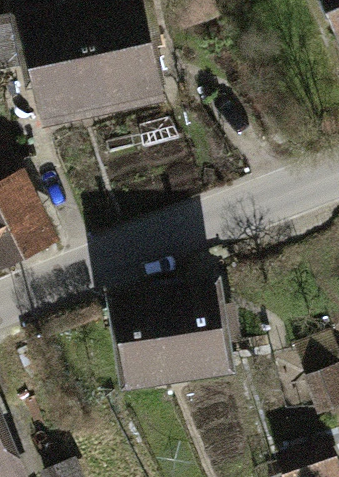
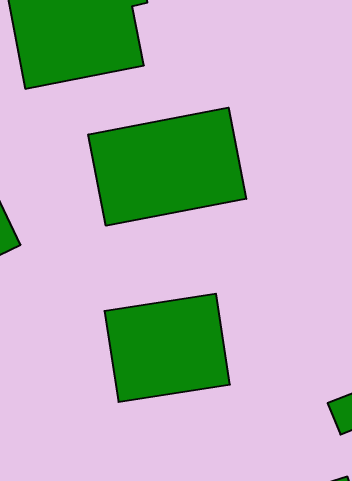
building: none -> [88,108,246,226]

